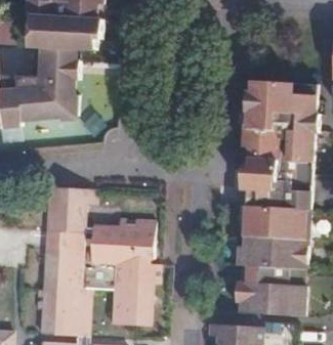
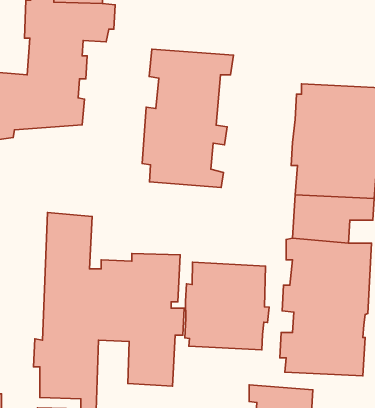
building: none -> [142,49,234,188]
building: none -> [185,262,269,350]

